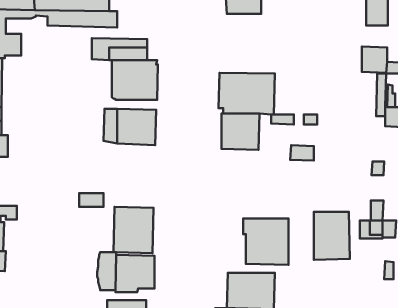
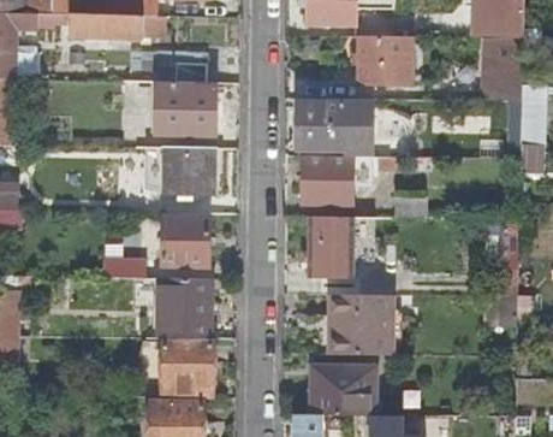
building: none -> [359,35,410,83]
building: none -> [308,214,353,274]
building: none -> [162,218,208,266]
building: [314,212,350,260] -> none

